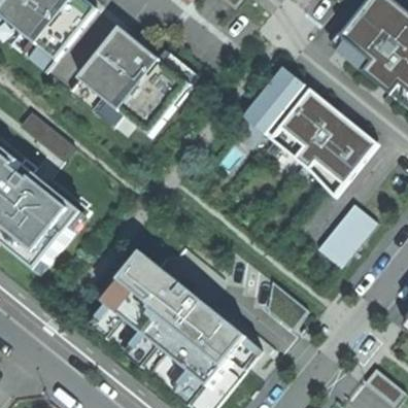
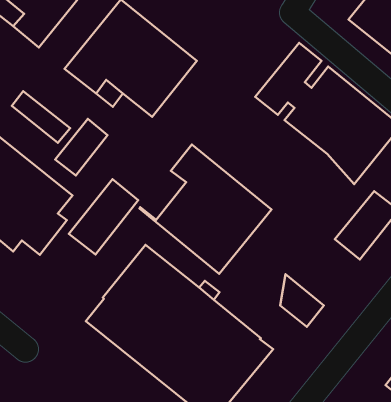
building: none -> [55,119,108,176]
building: none -> [139,144,271,274]
building: none -> [69,179,138,254]

